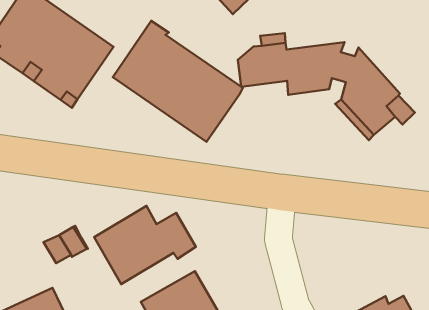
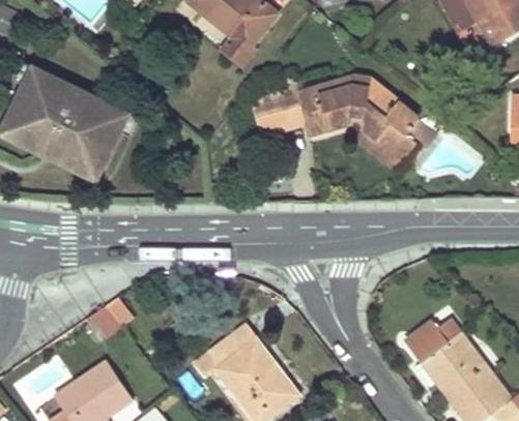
building: [113,21,243,142] -> none
building: [94,206,196,284] -> none

